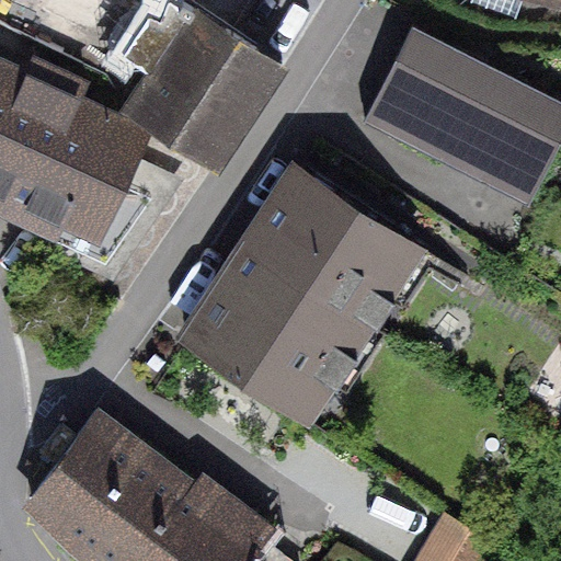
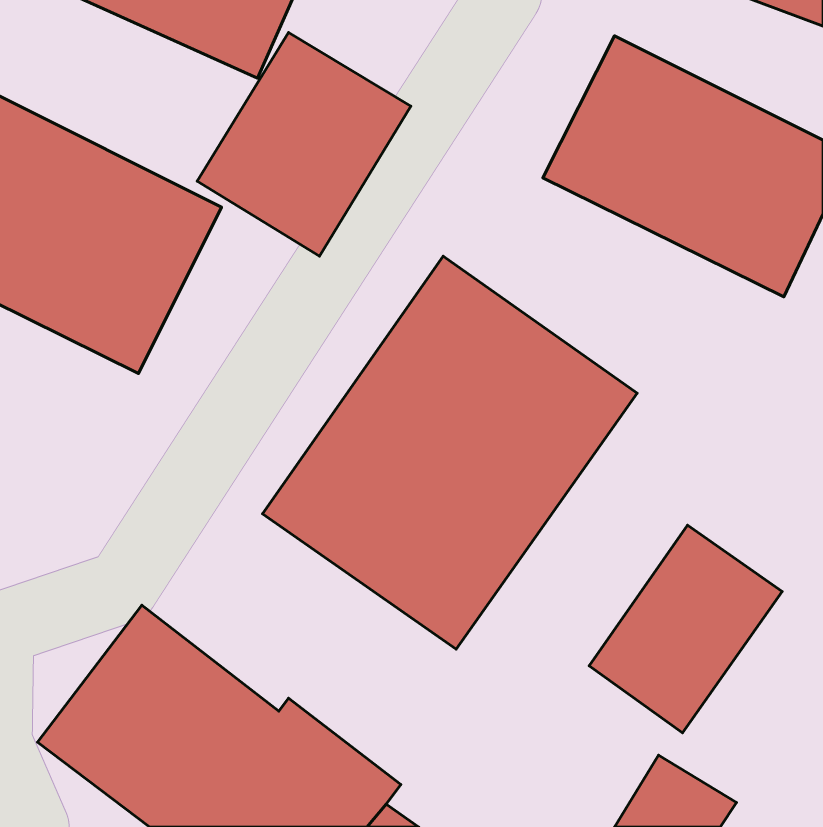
building: none -> [589,525,782,733]

